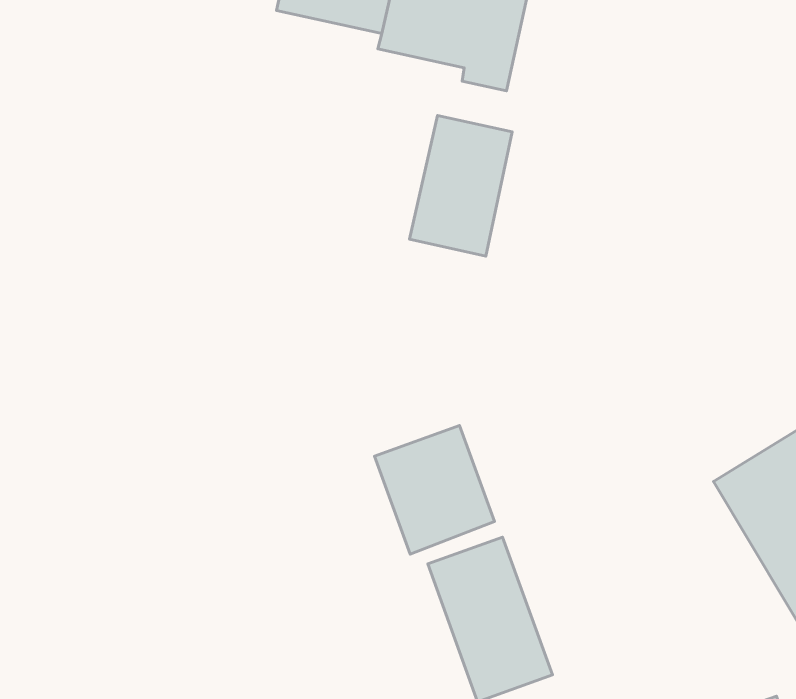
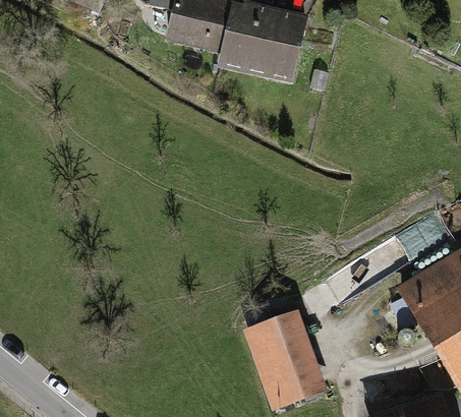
building: [410,116,512,256] -> none
building: [375,426,494,554] -> none

